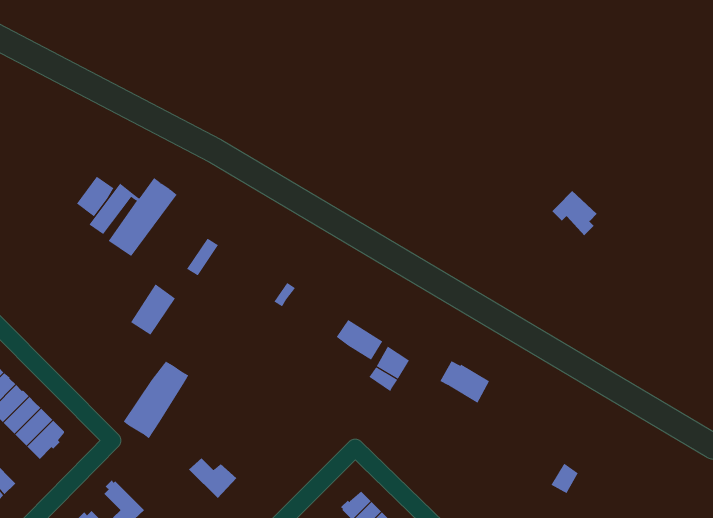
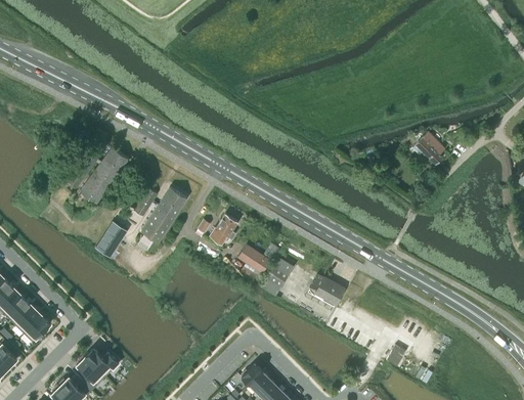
building: [76,176,114,217] -> none
building: [552,190,597,236] -> [412,133,444,165]
building: none -> [210,214,237,243]
building: [123,361,189,439] -> [140,188,186,242]
building: [188,458,237,499] -> [85,349,119,377]

